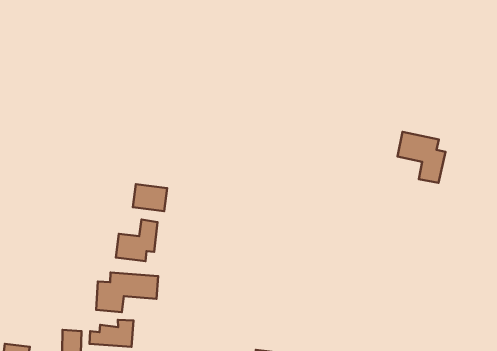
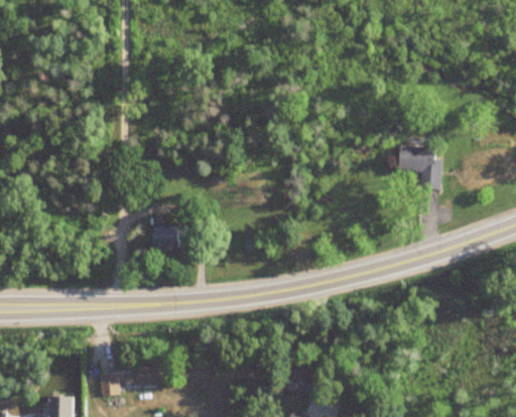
building: [116,220,157,261] -> none
building: [96,273,158,312] -> none

